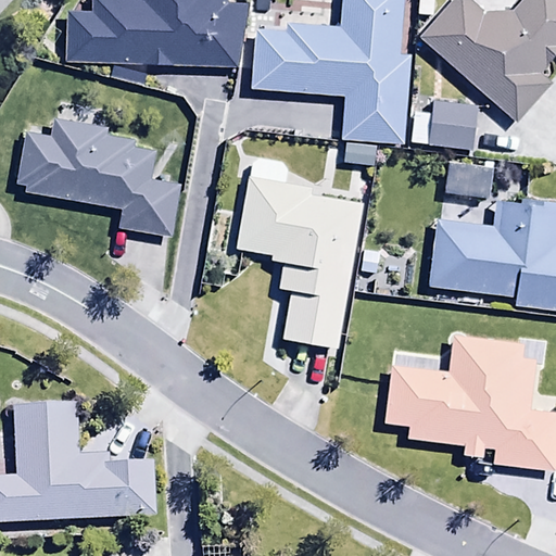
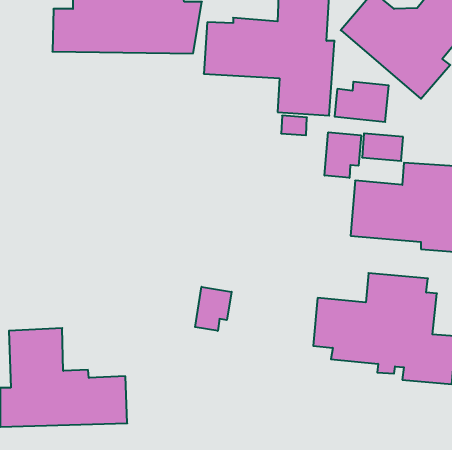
building: [16,116,180,237] -> none
building: [238,157,354,346] -> none
building: none -> [325,132,361,178]
building: none -> [195,287,232,331]

